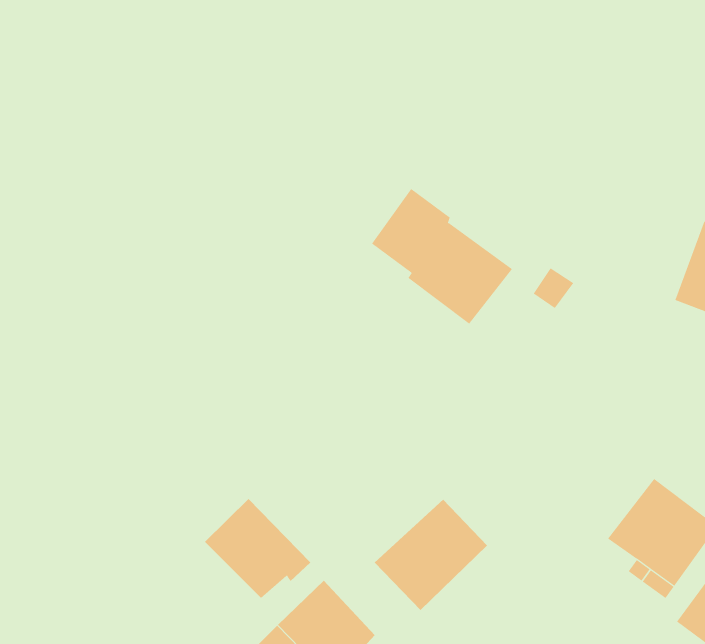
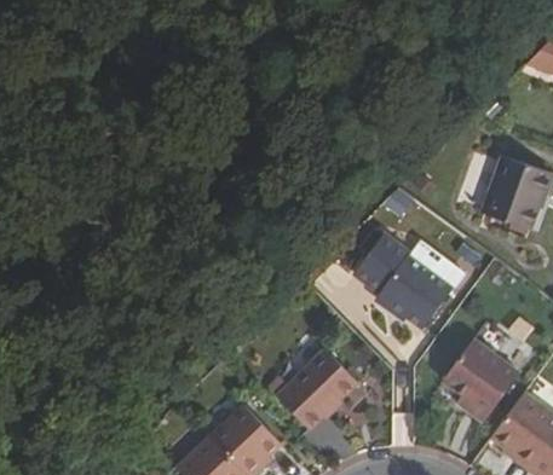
building: [371,188,513,324] -> [352,232,451,328]
building: [204,498,311,599] -> none

